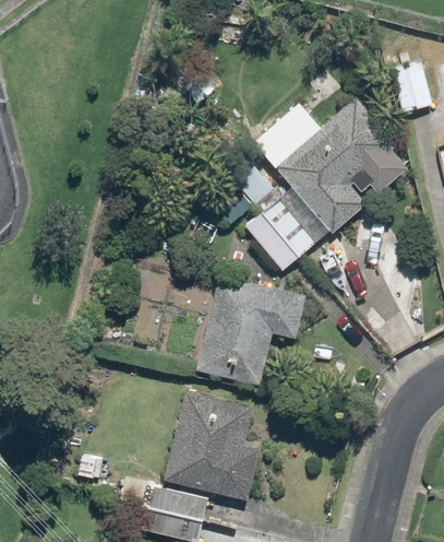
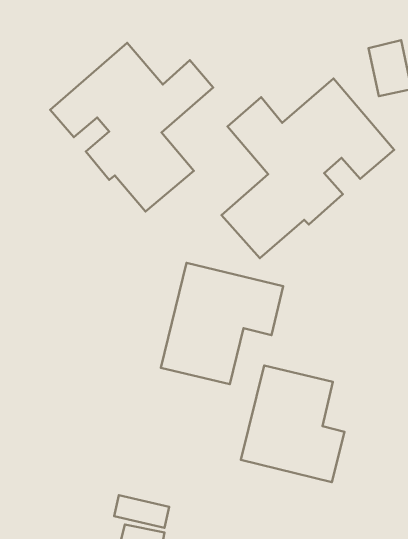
building: none -> [50,43,213,212]
building: [163,391,260,500] -> [241,365,345,482]

